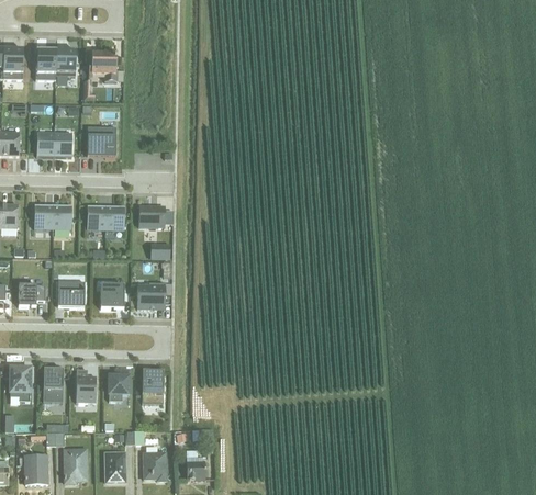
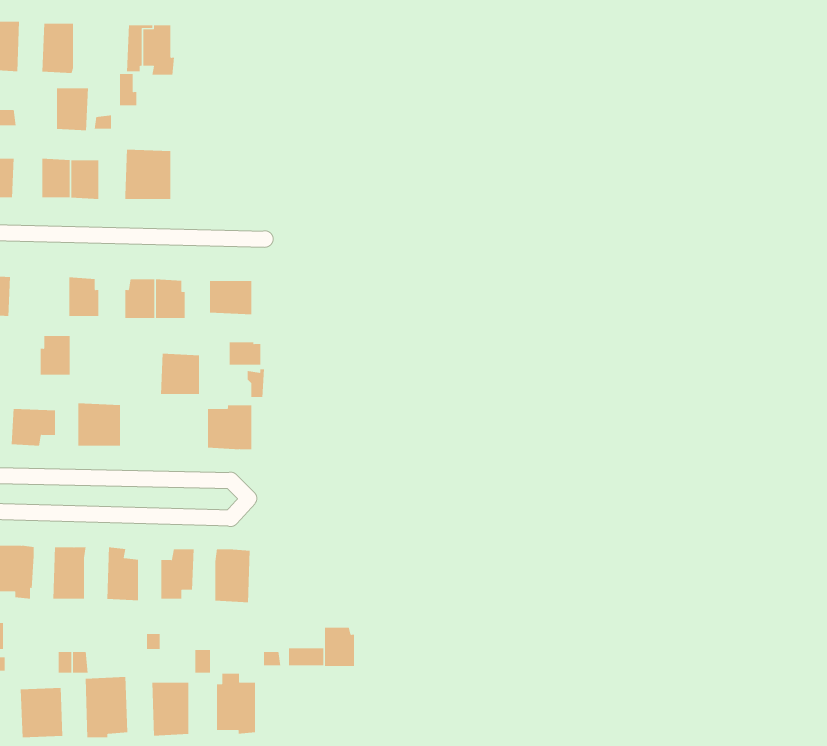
building: [56,49,76,76] -> [56,88,89,131]
building: [34,204,53,228] -> [40,336,70,375]
building: [100,283,124,308] -> [160,353,200,395]
building: [187,457,205,481] -> [324,627,355,667]

